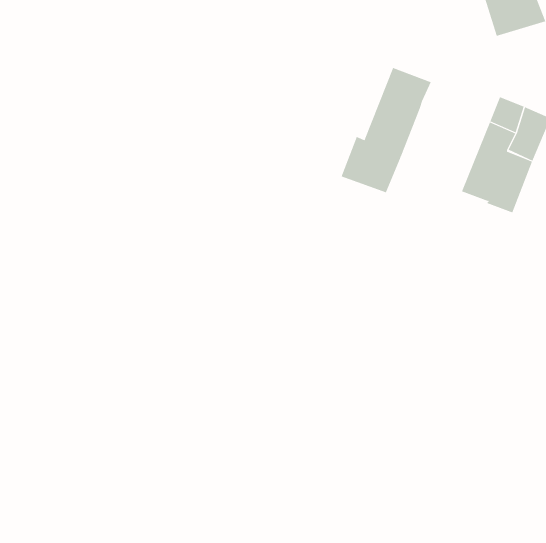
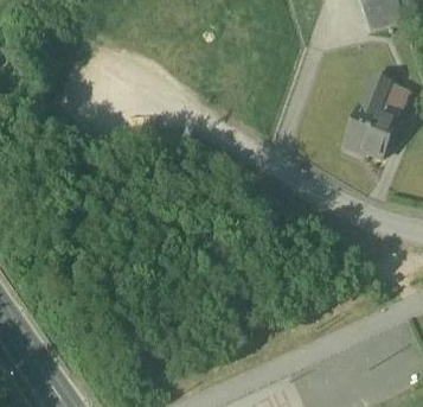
building: [341,67,432,193] -> none

